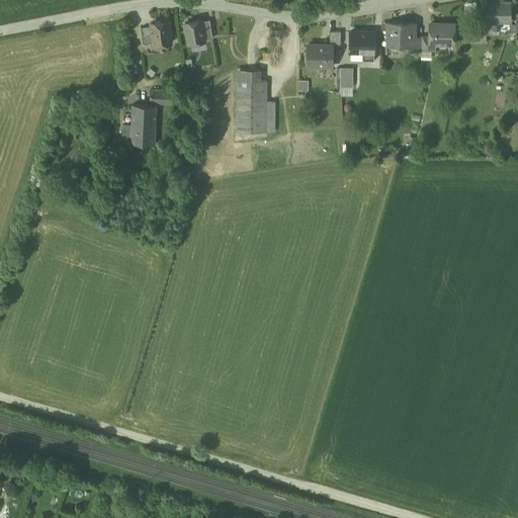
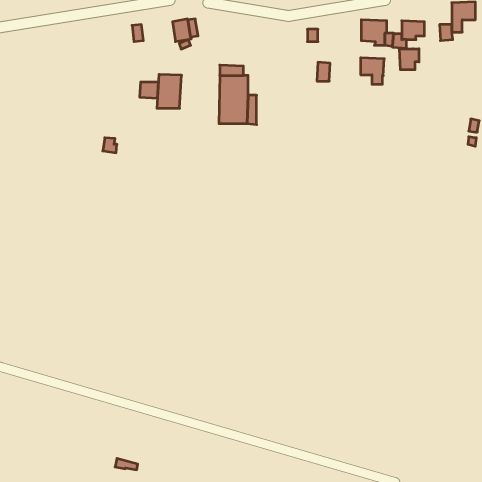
building: [151,21,171,46] -> none
building: [351,31,376,60] -> [361,58,384,84]
building: [308,44,334,66] -> none
building: none -> [400,49,419,70]
building: [131,105,157,142] -> [157,74,182,108]

